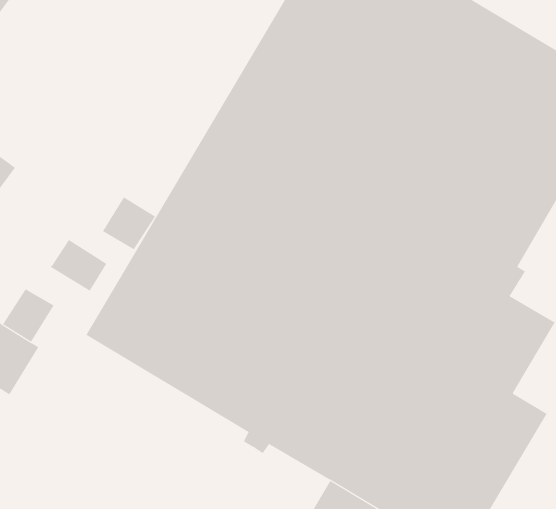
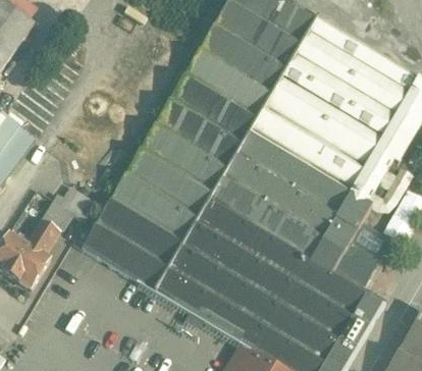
building: [102,196,156,250] -> none

